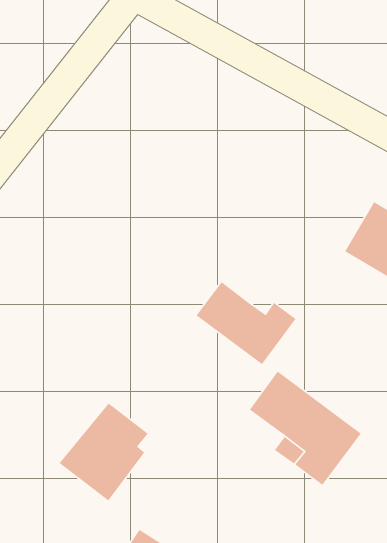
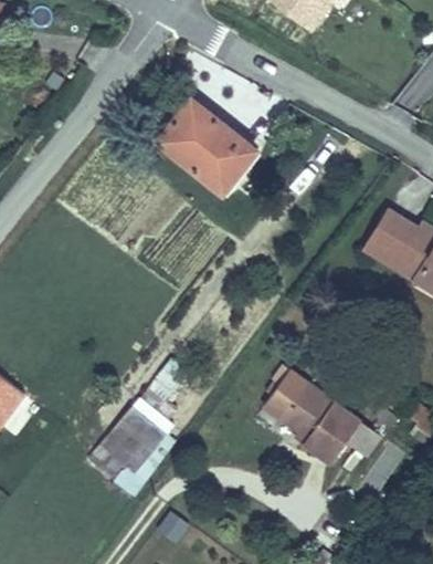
building: none -> [158,86,262,180]
building: [195,281,297,365] -> none

